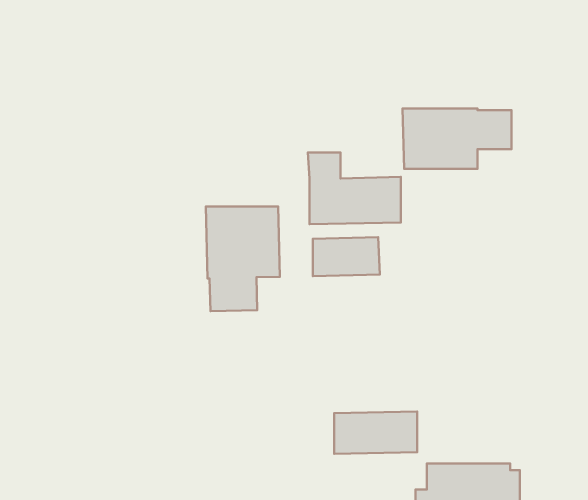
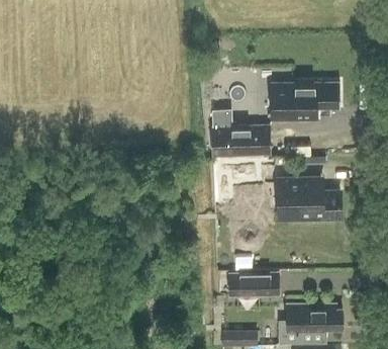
building: [206,206,280,311] -> none
building: none -> [285,178,340,220]

